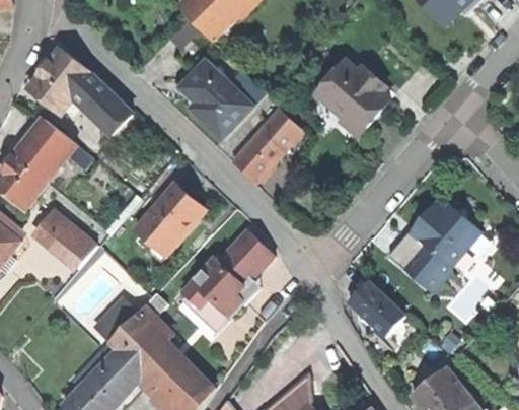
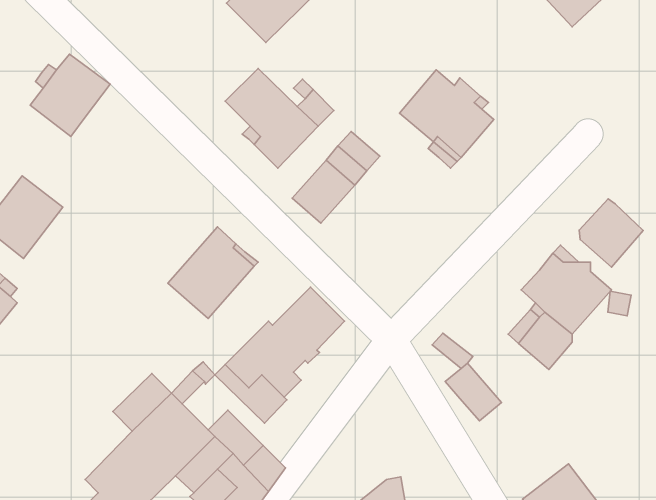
building: [71,73,131,136] -> none
building: [22,120,73,168] -> none
building: none -> [579,199,643,267]
building: [33,210,94,268] -> none

